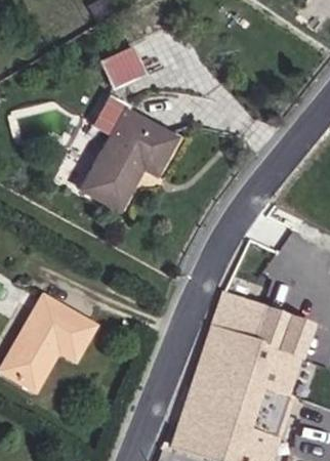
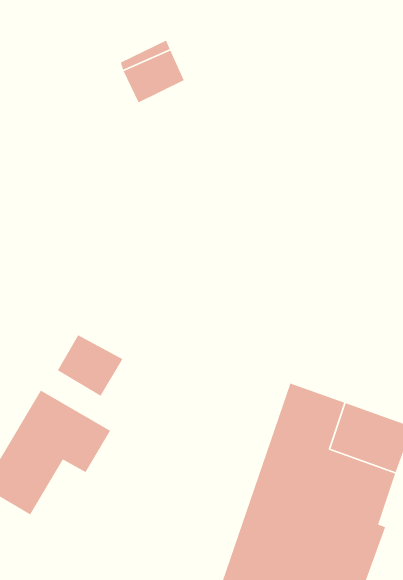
building: [81,94,175,211] -> none
building: none -> [57,334,123,397]

